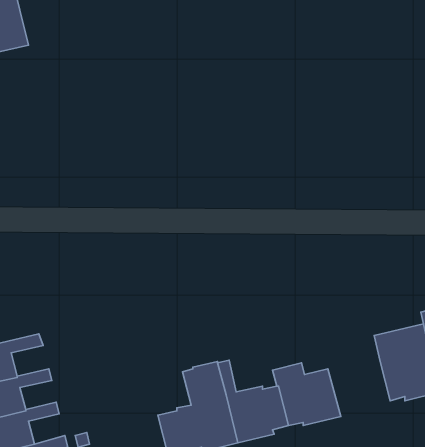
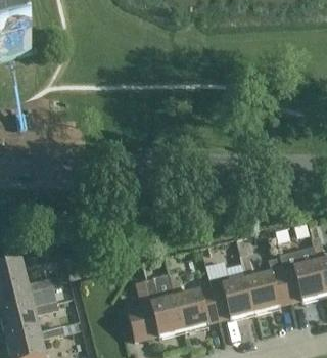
building: none -> [238,255,288,312]

